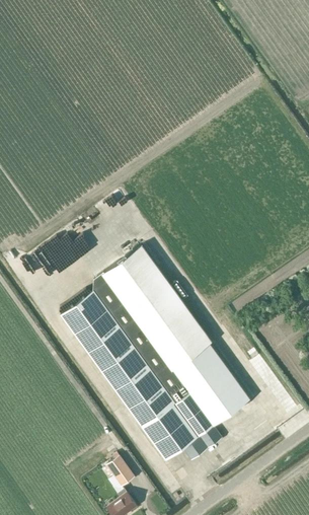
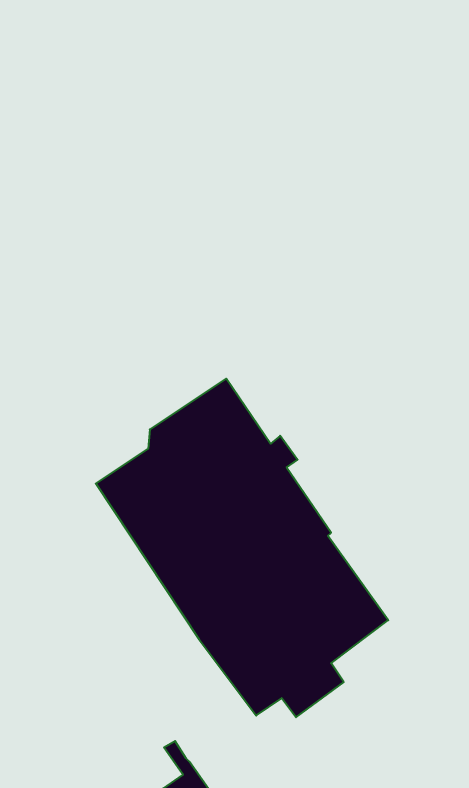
building: [105,453,134,488] -> none

